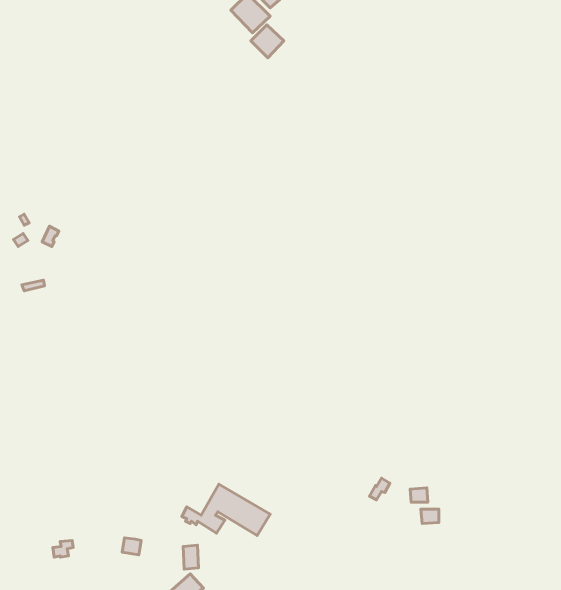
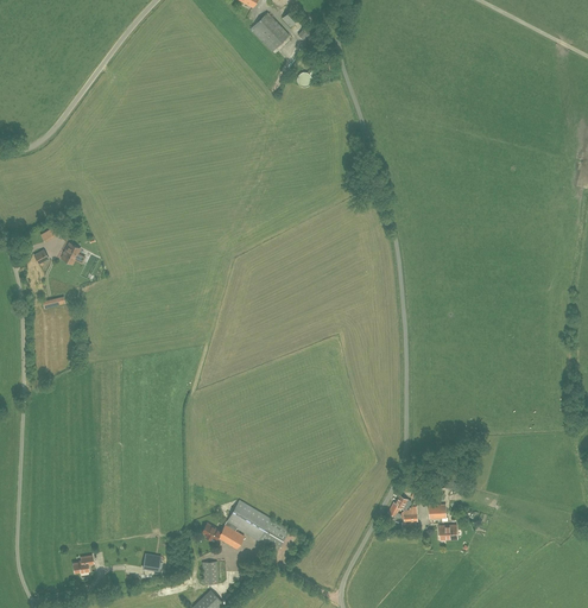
building: [251,25,284,58] -> none

